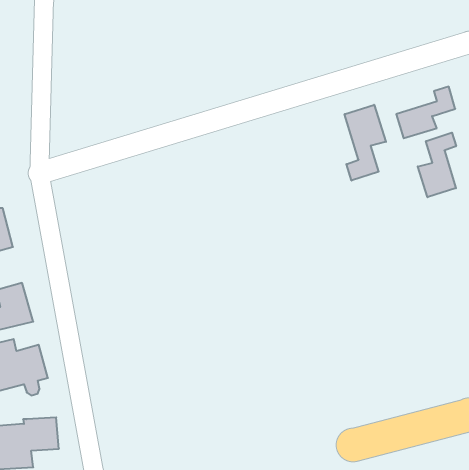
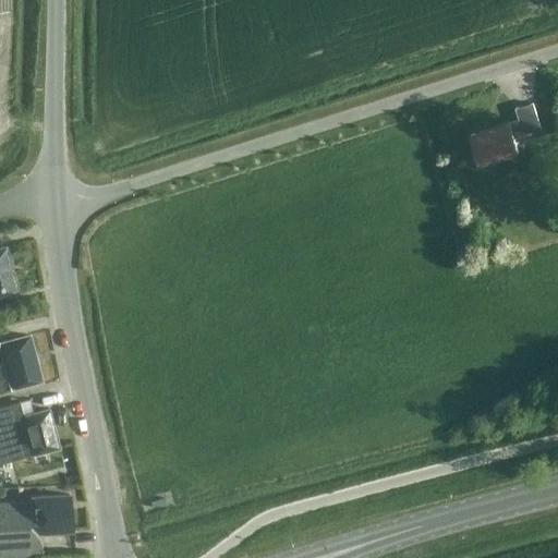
building: [345,105,386,181] -> none
building: [418,133,456,197] -> none

